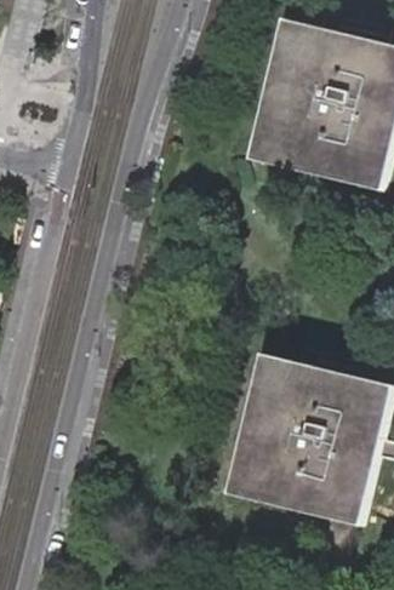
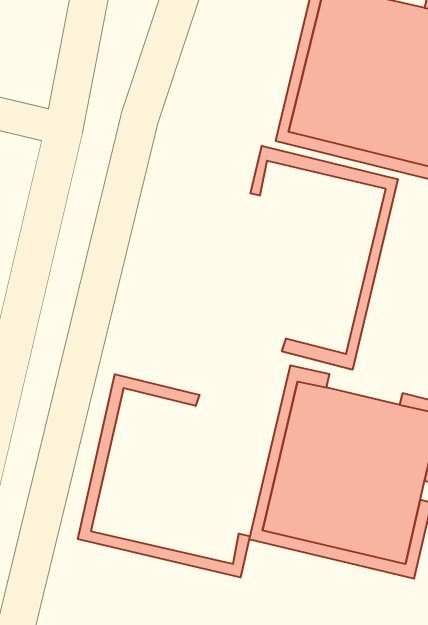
building: none -> [250,146,398,370]
building: none -> [78,374,250,577]

